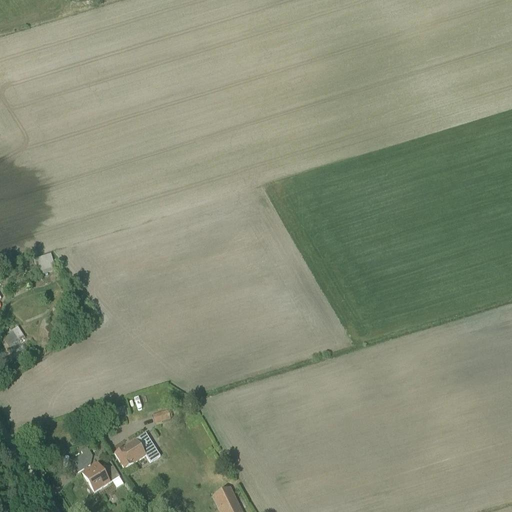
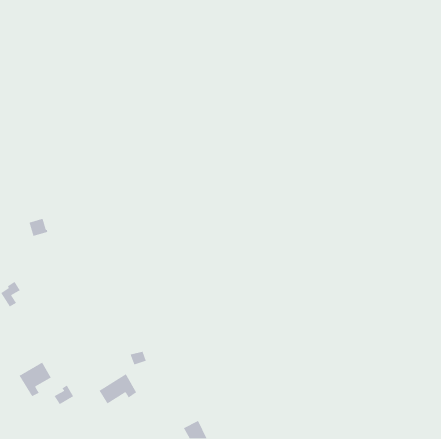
building: none -> [18,361,52,397]
building: [82,461,119,491] -> none

